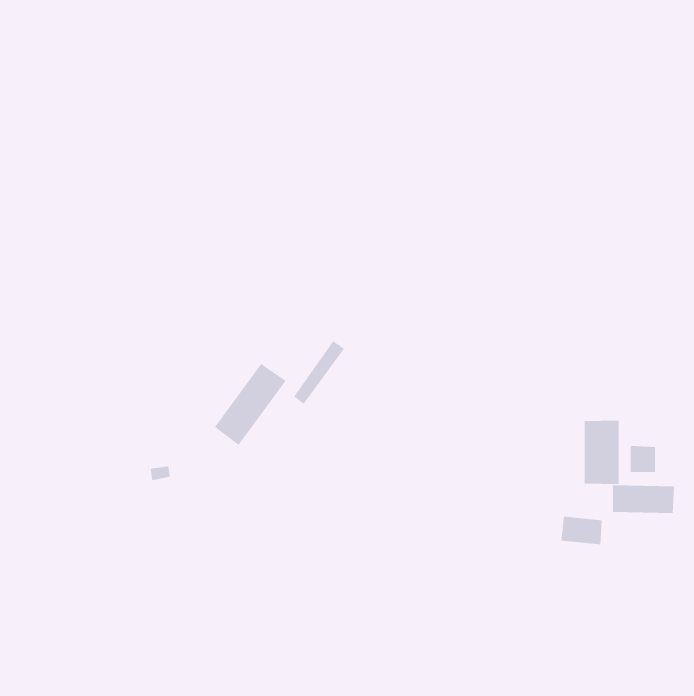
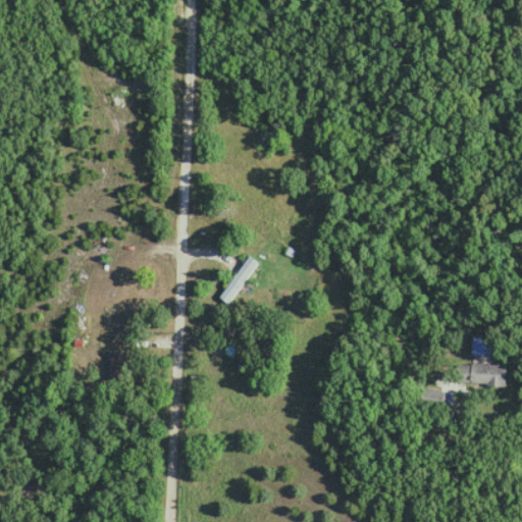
building: [214,363,286,446] -> none
building: [584,420,619,485] -> none

